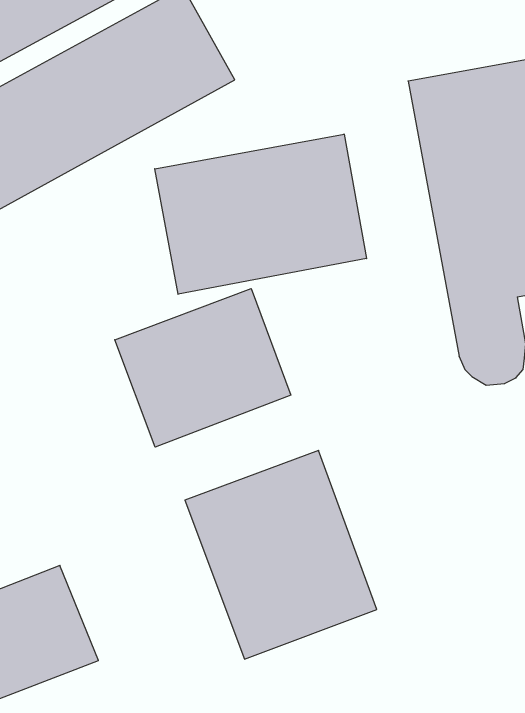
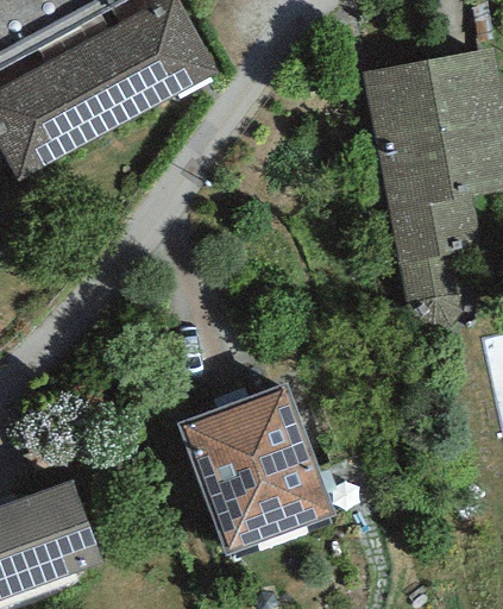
building: [155,134,367,294] -> none
building: [115,289,291,447] -> none

